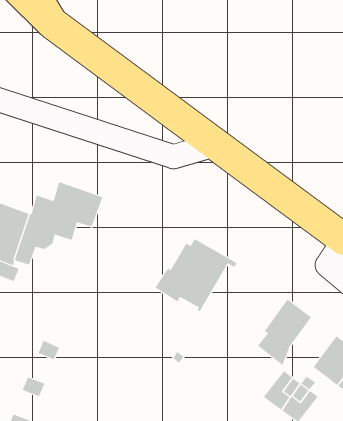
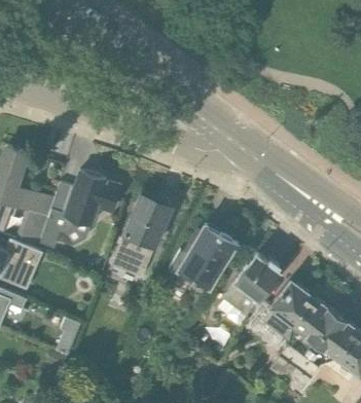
building: none -> [113,193,173,280]
building: none -> [224,256,281,317]
building: none -> [293,298,336,343]

